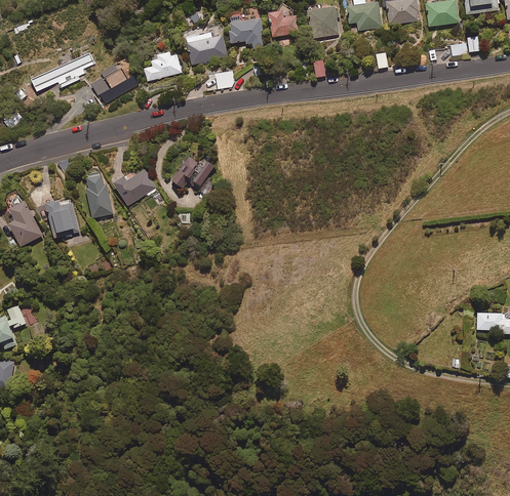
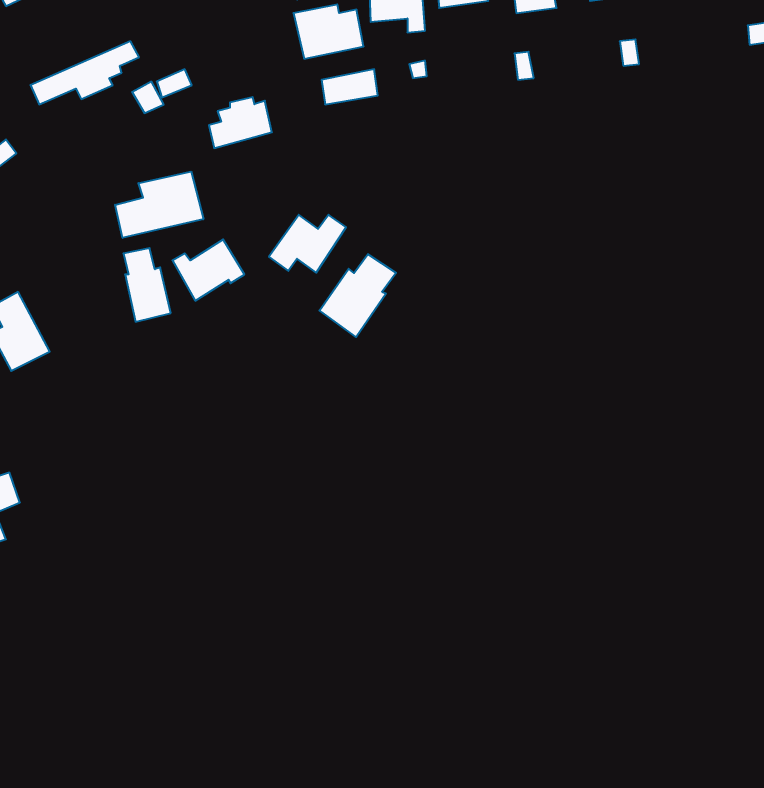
building: [144,51,181,81] -> [209,97,272,148]
building: none -> [115,172,203,238]
building: none -> [319,254,396,337]
building: [43,196,79,240] -> none

